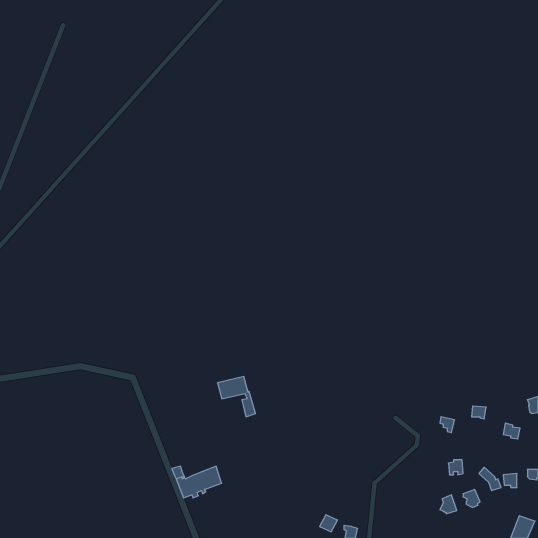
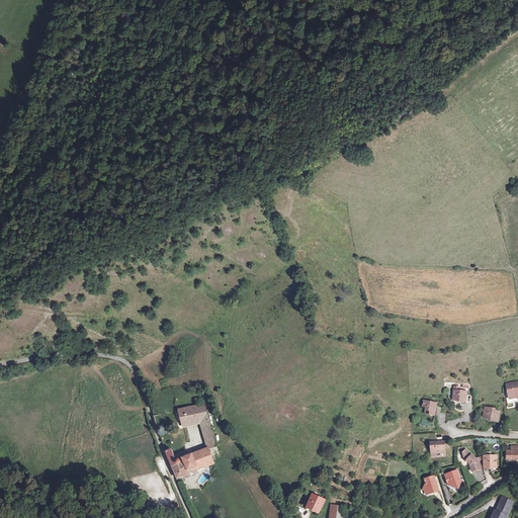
building: [217,377,255,417] -> [178,404,214,442]

